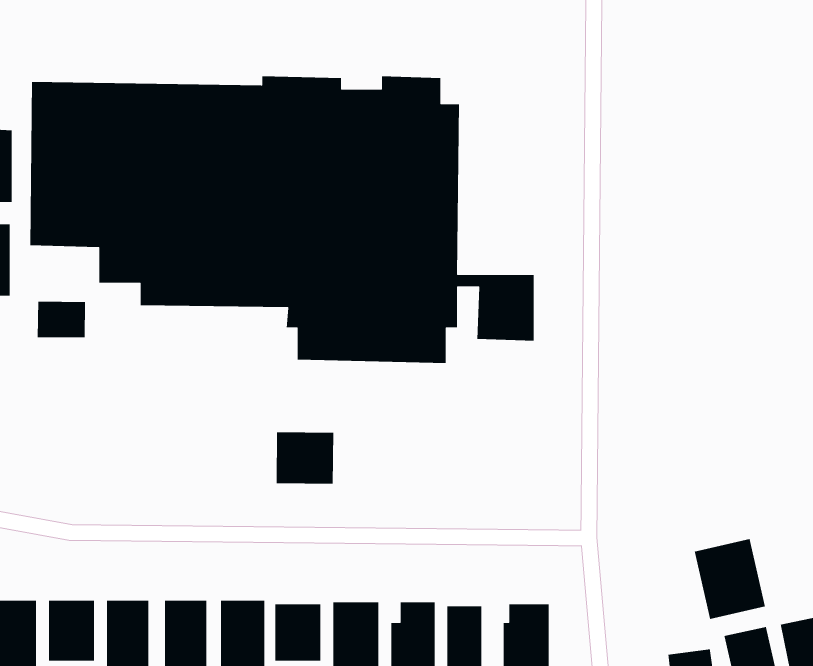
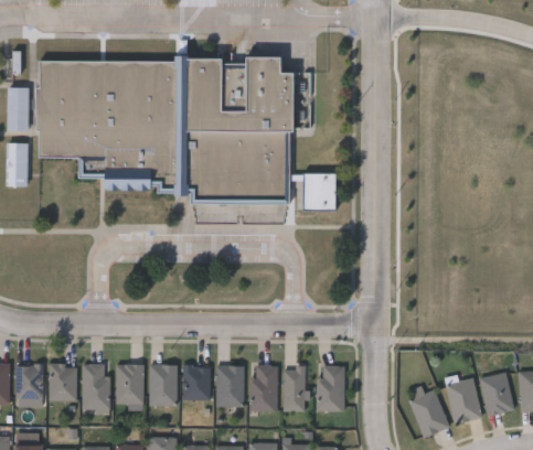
building: [37,301,86,338] -> none
building: [276,431,334,485] -> none
building: [694,538,766,620] -> none

